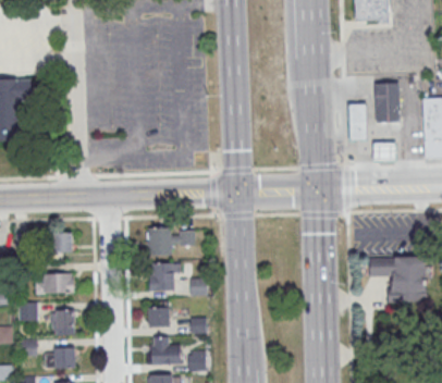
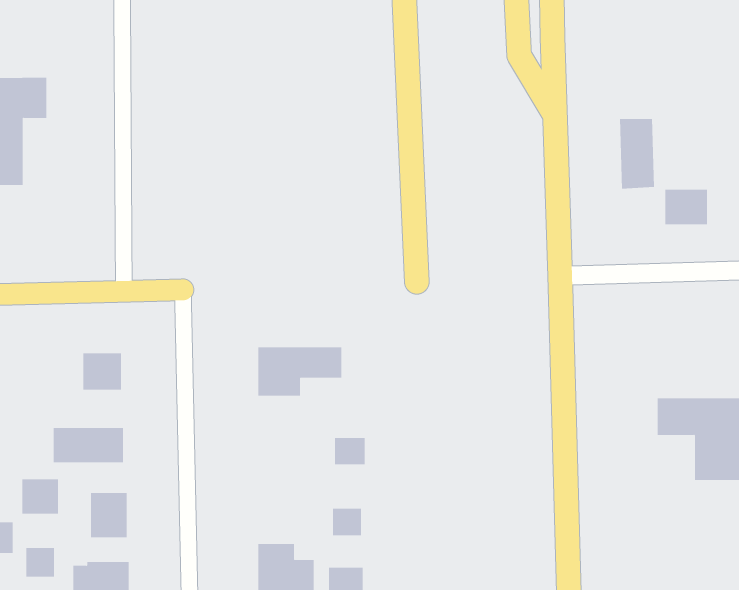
building: [375,82,401,122] -> none
building: [149,262,176,291] -> none
building: [148,306,169,326] -> none

